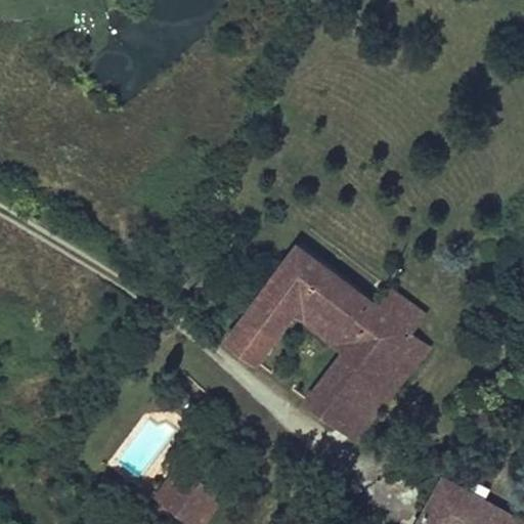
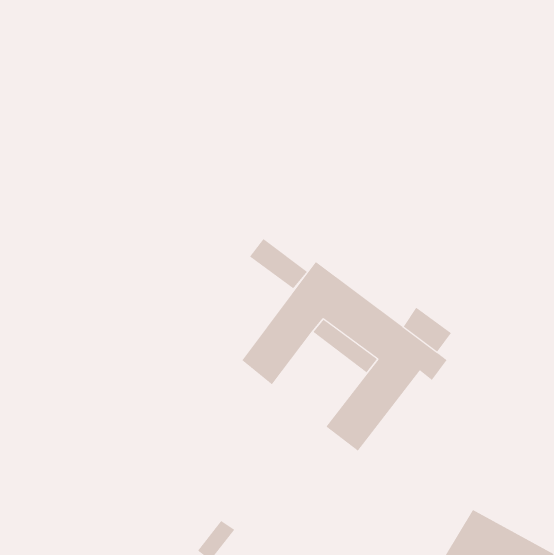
building: none -> [249,238,308,289]
building: [337,340,428,439] -> none
building: [157,467,208,519] -> none

